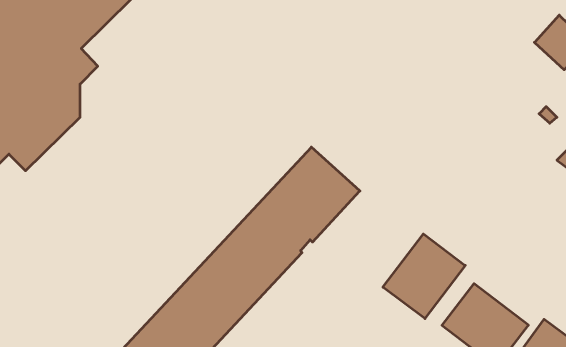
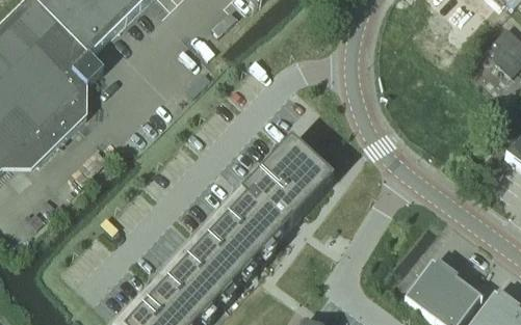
building: [383,234,465,319] -> none

